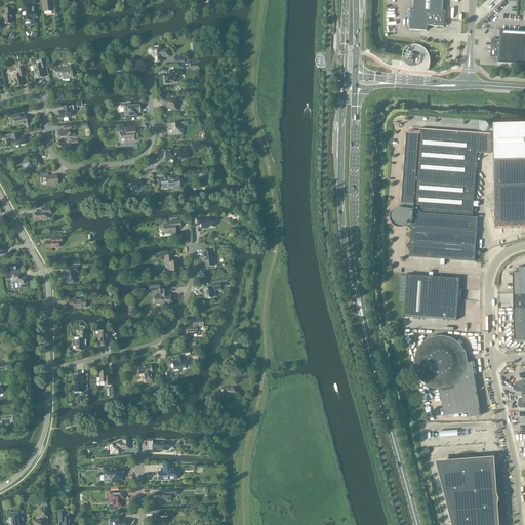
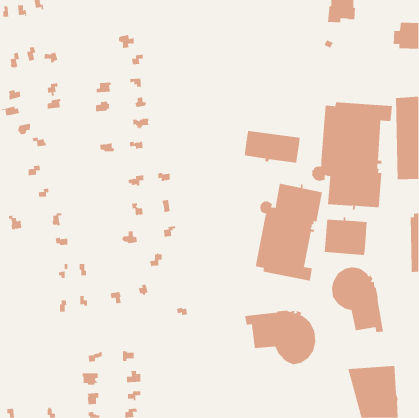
building: none -> [244,130,300,164]
building: none -> [255,183,323,282]
building: none -> [245,309,316,365]

